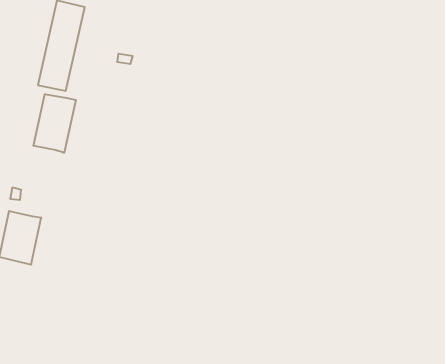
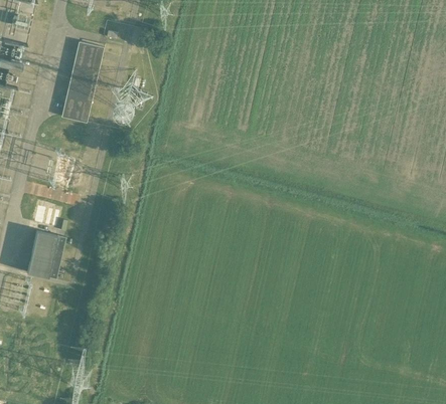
building: [34,94,76,153] -> none

